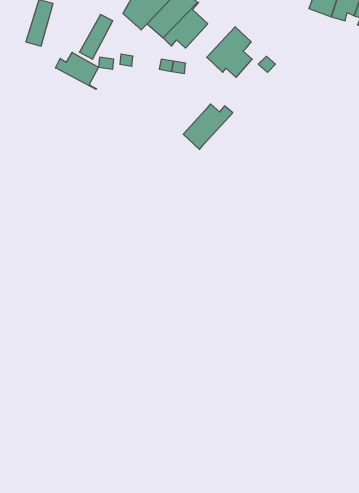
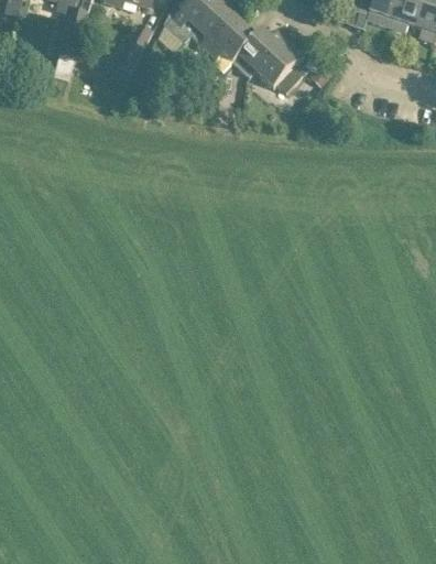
building: [55,52,99,89] -> none
building: [183,104,233,149] -> [231,26,285,76]

